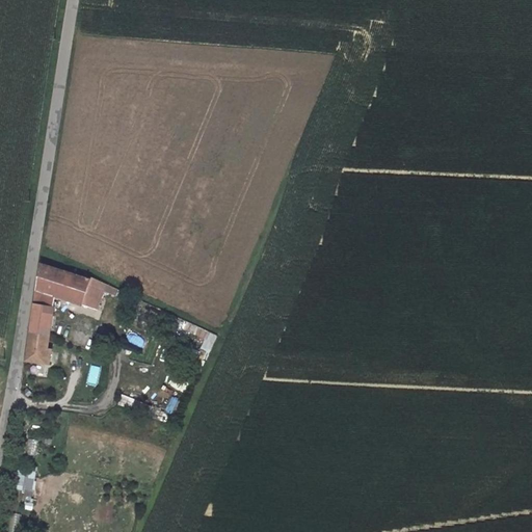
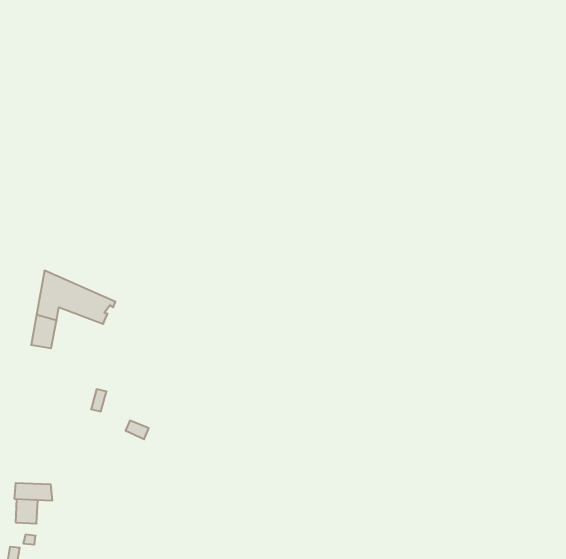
building: [24,330,51,362] -> none
building: none -> [15,483,52,501]

